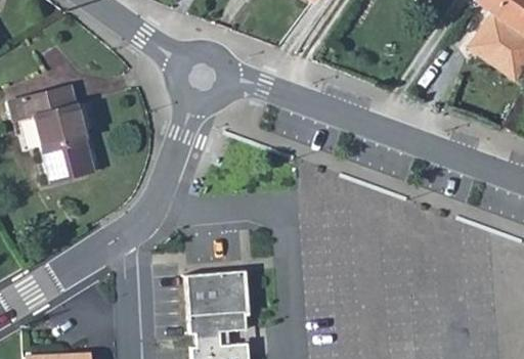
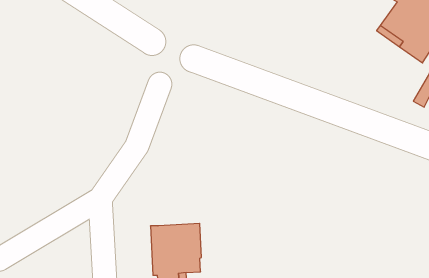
building: [11,86,94,182] -> none

